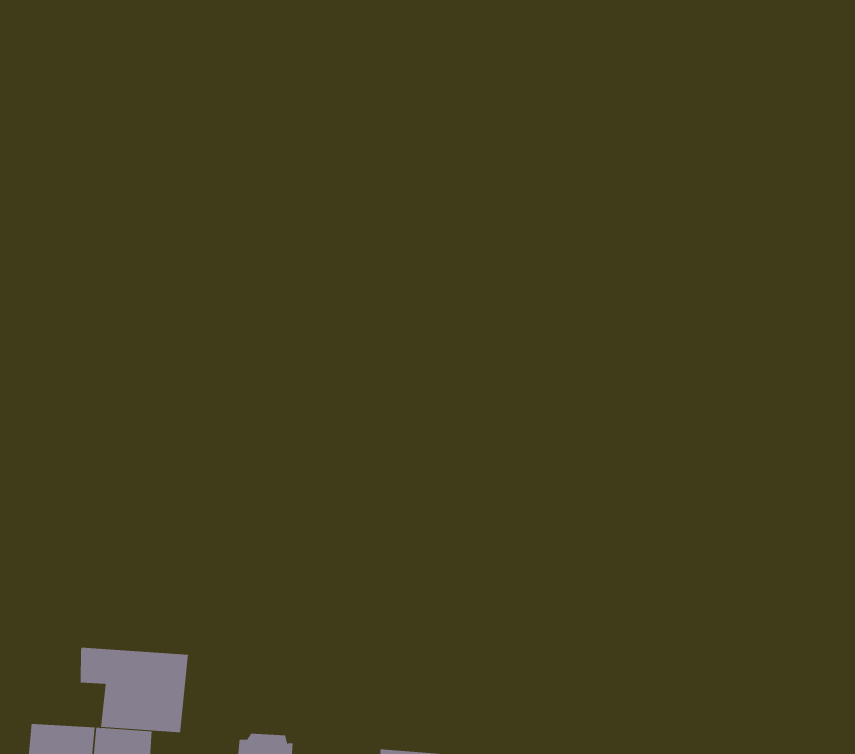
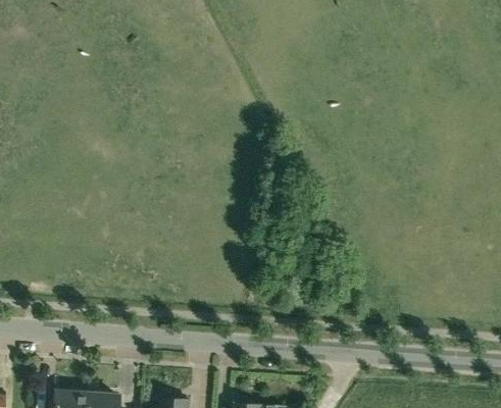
building: [80,647,189,733] -> none

